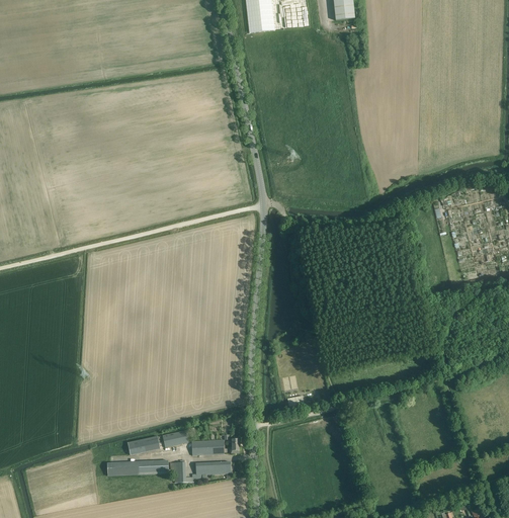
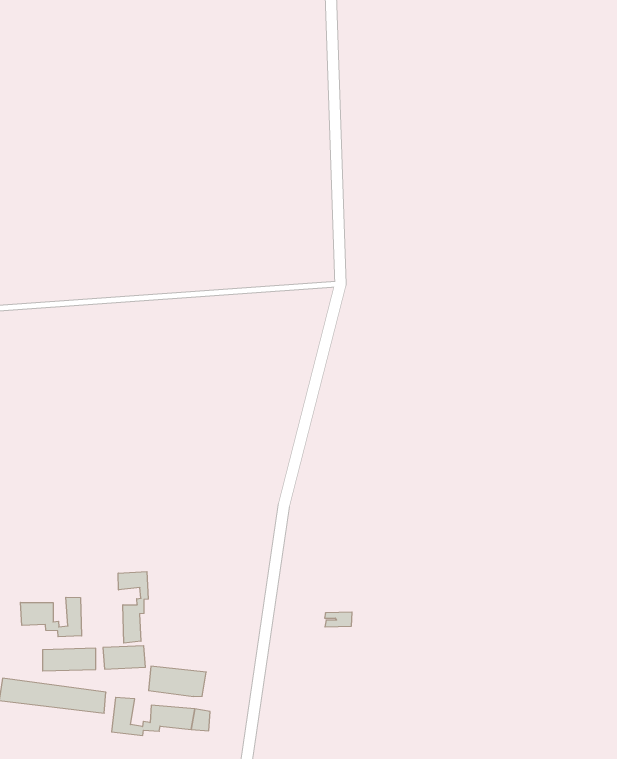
building: none -> [118,572,148,643]
building: none -> [20,597,82,637]

